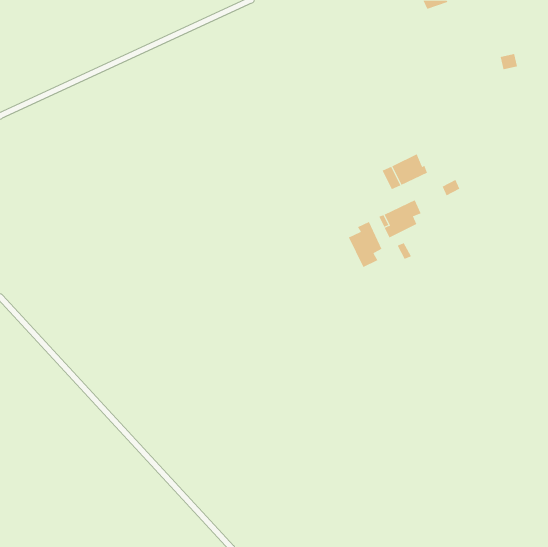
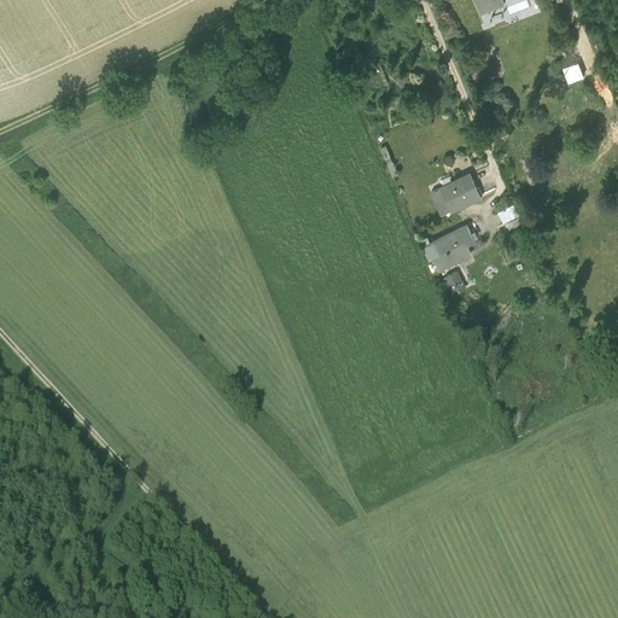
building: [348,221,382,268] -> none

